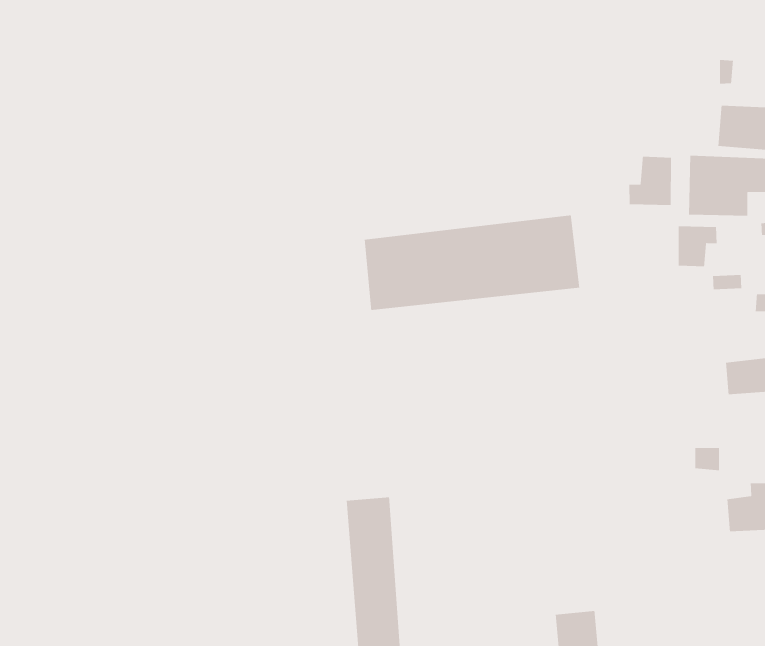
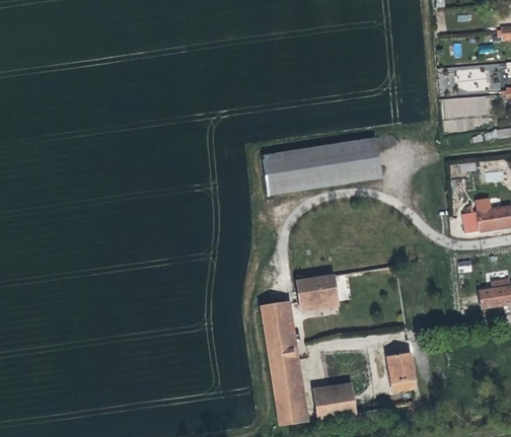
building: [628,156,672,206] -> none
building: [678,226,717,267] -> none
building: none -> [300,273,340,307]

